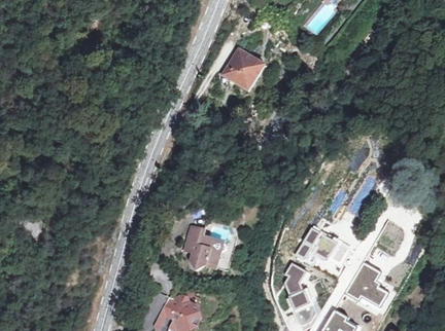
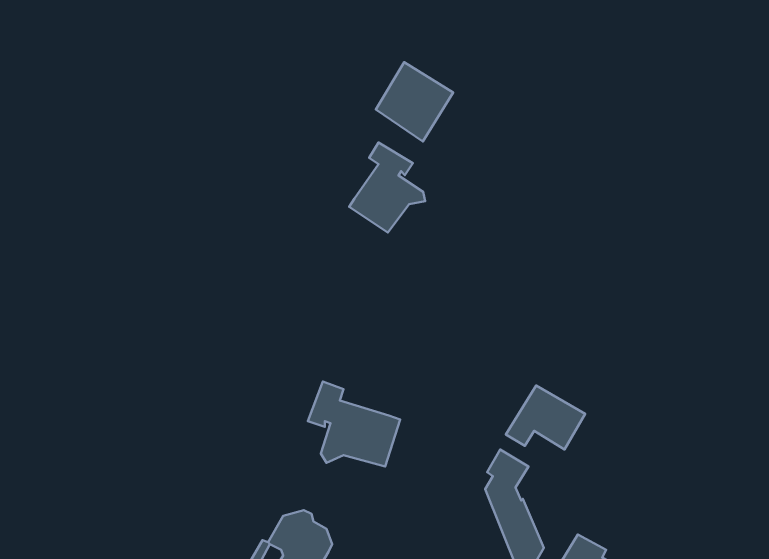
building: none -> [349,143,425,232]
building: [342,258,388,306] -> none

